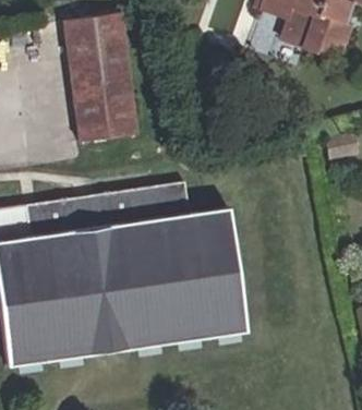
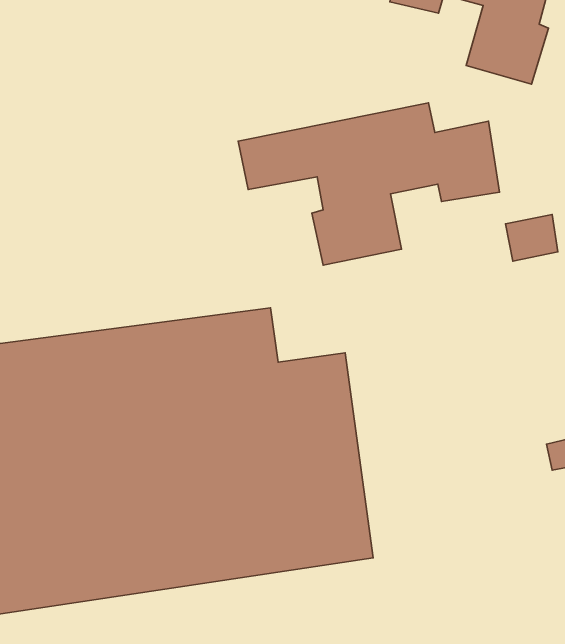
building: [61,12,133,141] -> none
building: none -> [238,103,499,265]

